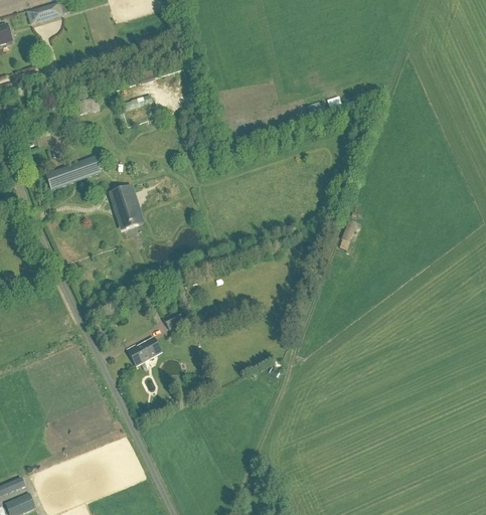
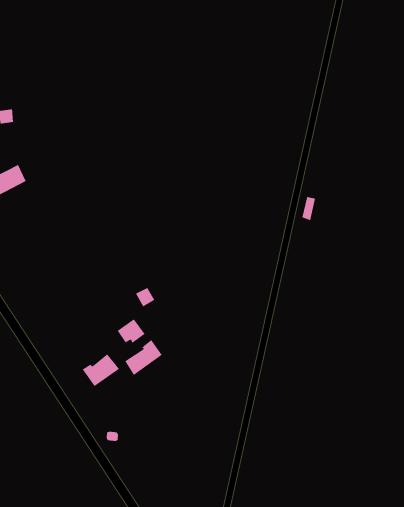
building: [113,189,138,225] -> none
building: none -> [125,339,162,376]

